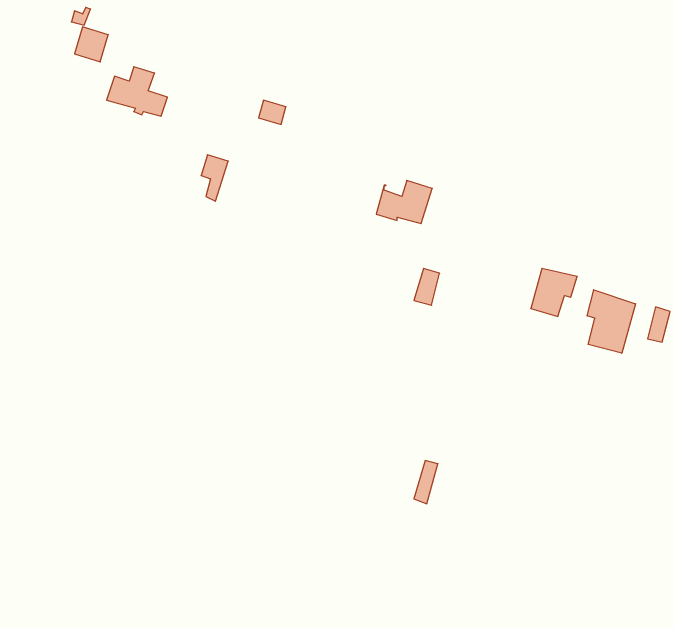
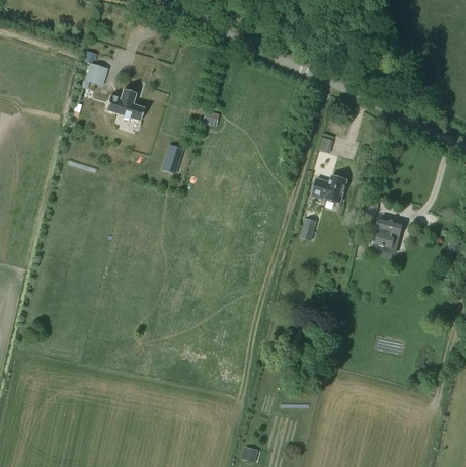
building: [376,180,432,224] -> [312,174,347,202]
building: [587,290,636,353] -> none

